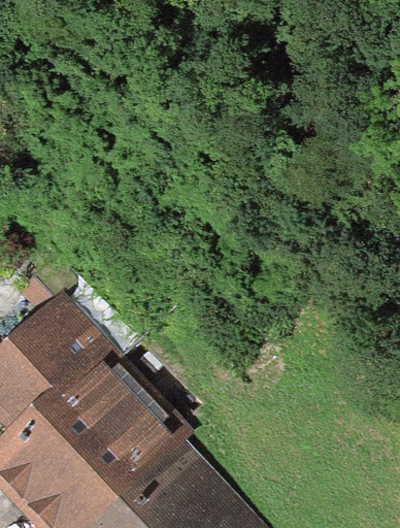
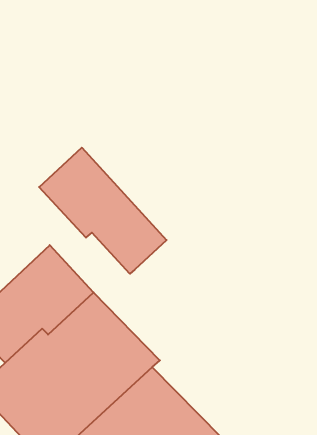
building: none -> [39,148,167,274]

